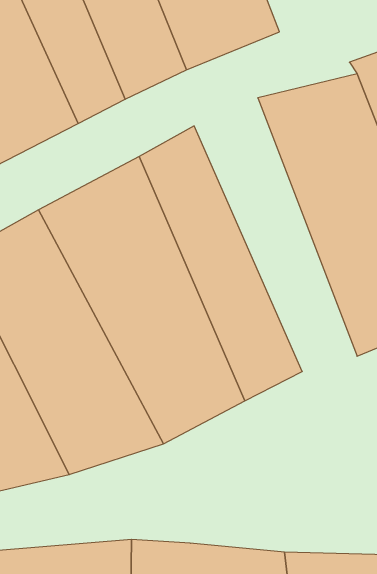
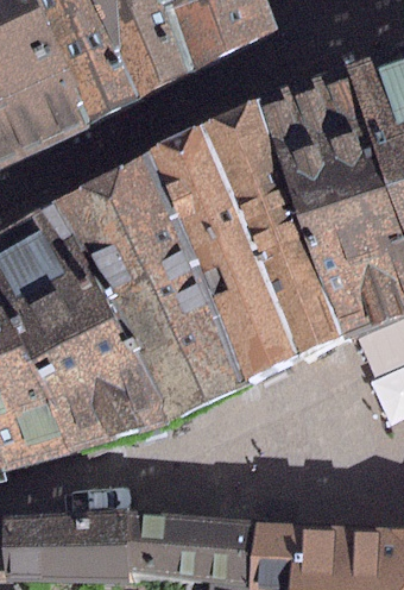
building: none -> [198,99,351,354]

